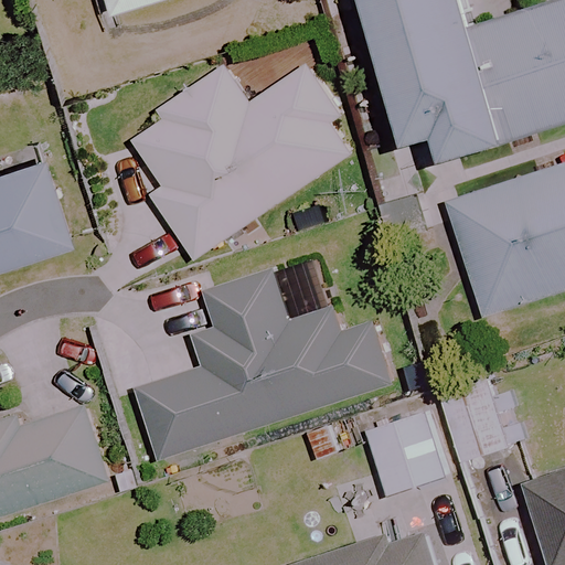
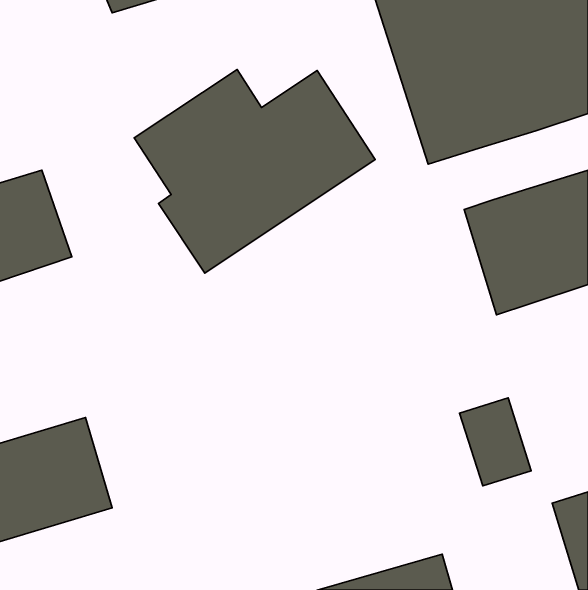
building: [136,270,390,460] -> none
building: [365,413,444,498] -> none

